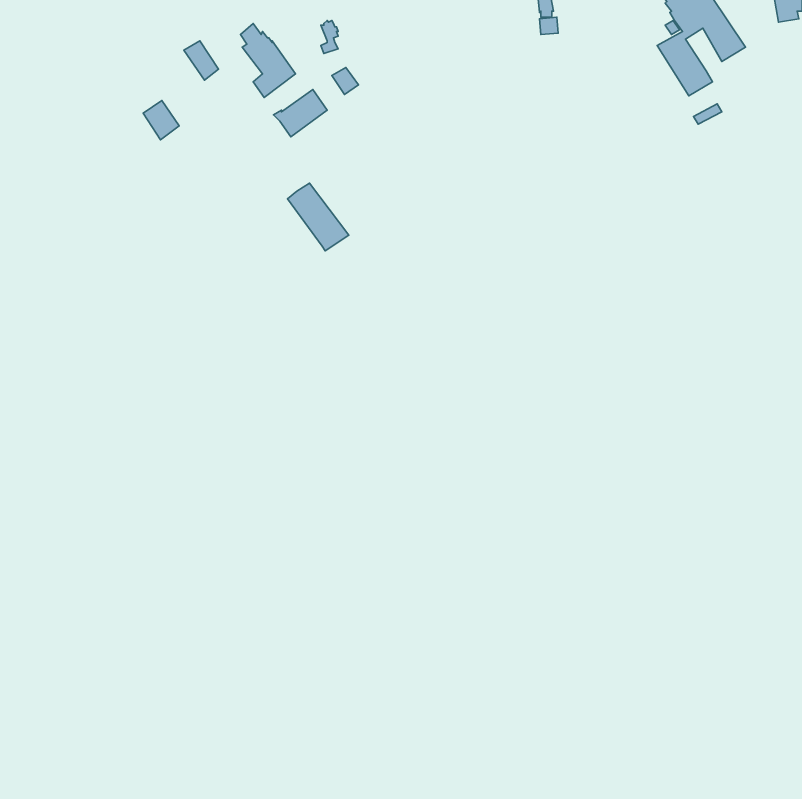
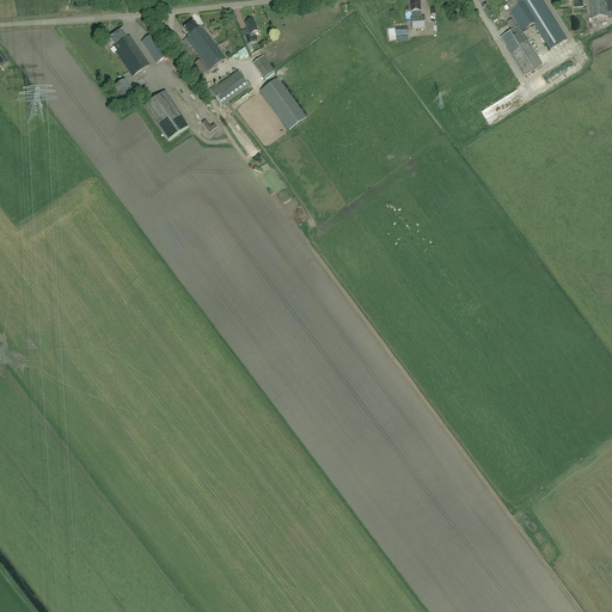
building: none -> [109,26,148,74]
building: none -> [143,88,186,137]
building: [287,183,349,251] -> [259,76,306,128]

